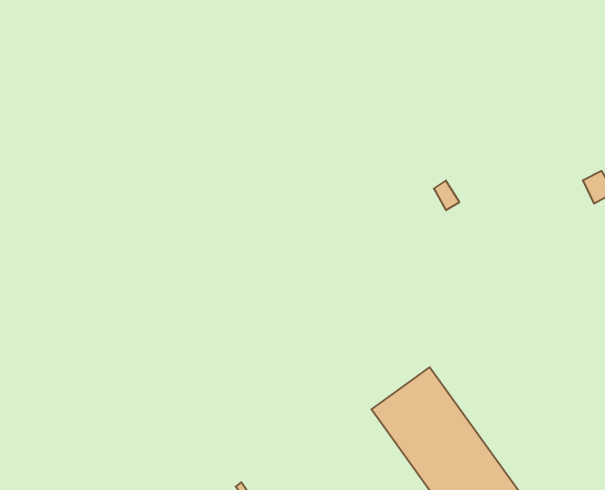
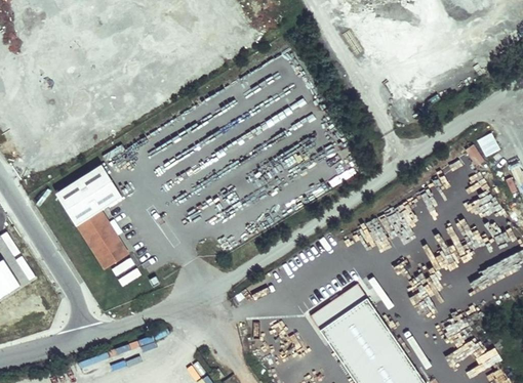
building: none -> [53,166,125,270]

